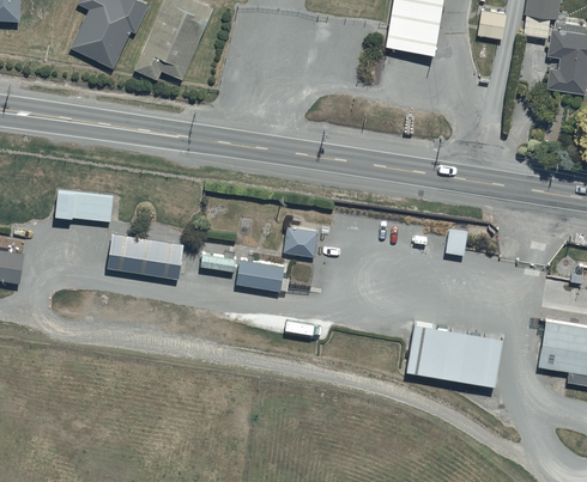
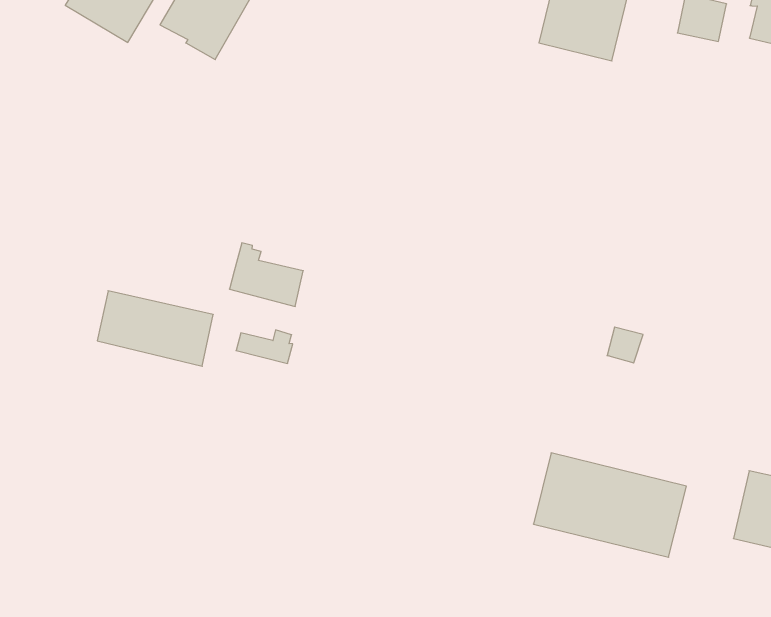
building: [56,190,113,218] -> none
building: [283,228,319,260] -> none
building: [236,254,284,293] -> [229,243,303,306]

